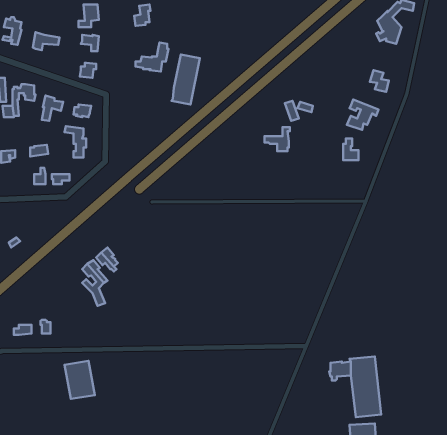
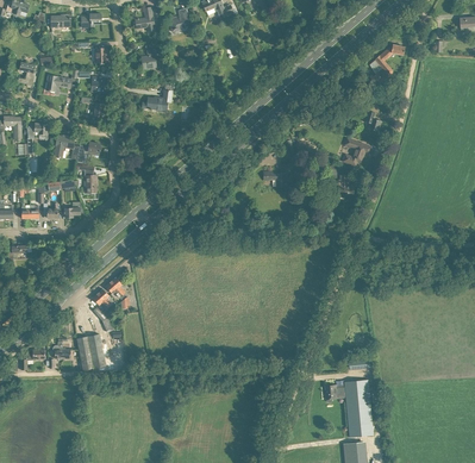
building: [172,55,200,104] -> none
building: [64,361,95,399] -> [76,333,105,369]

